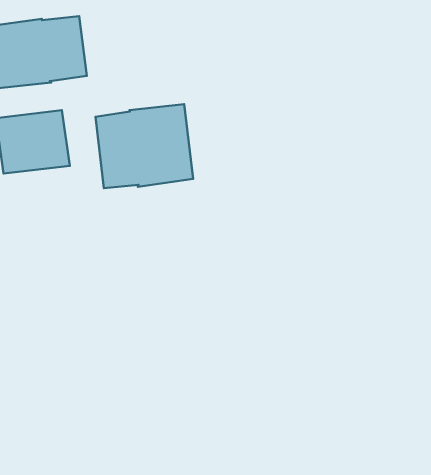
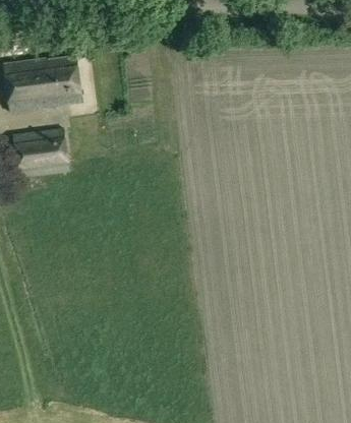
building: [96,104,193,188] -> none

